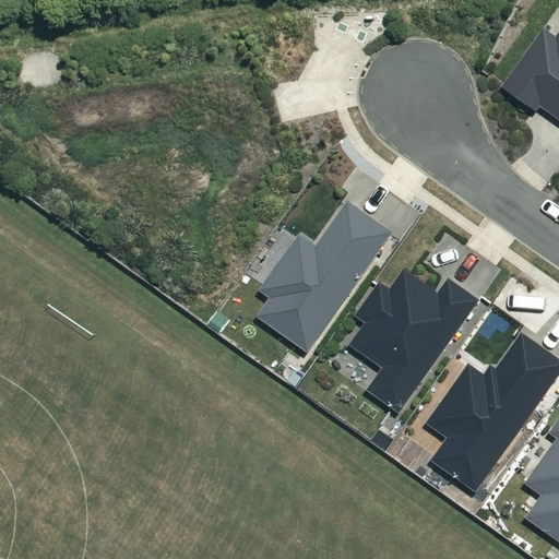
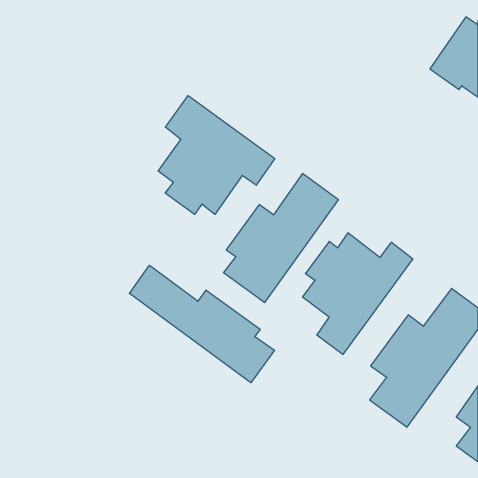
building: none -> [158,96,275,214]
building: none -> [129,265,274,383]

